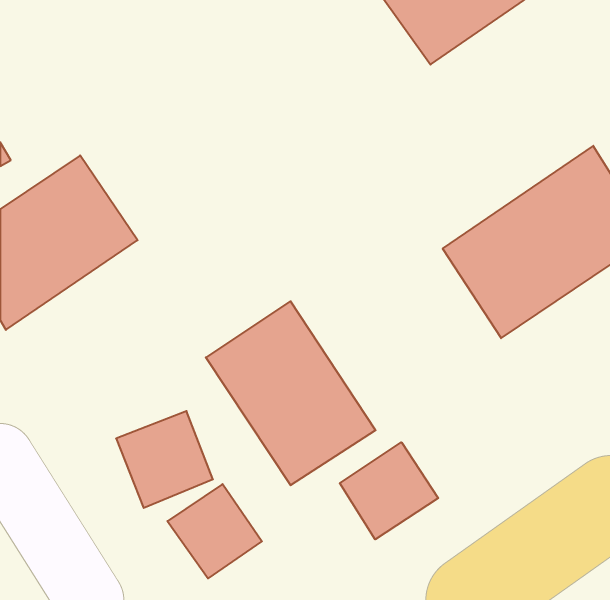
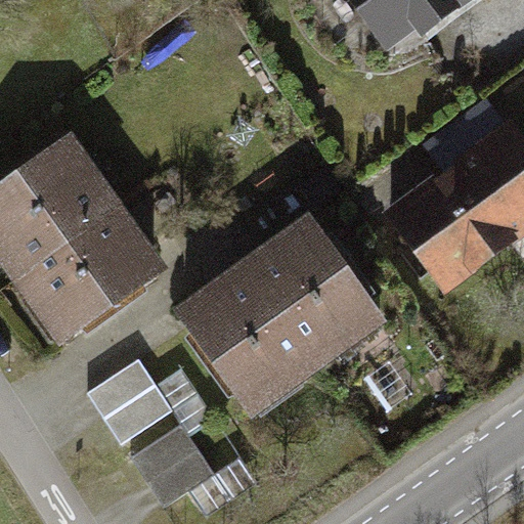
building: none -> [6,206,166,347]
building: none -> [250,217,387,368]
building: [340,442,438,539] -> none

